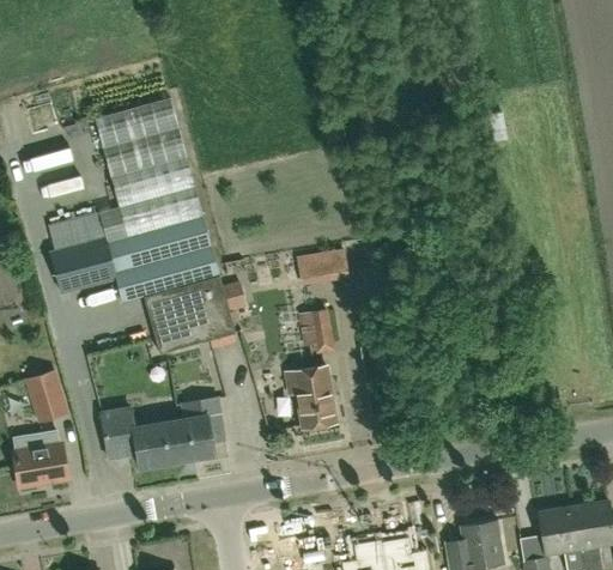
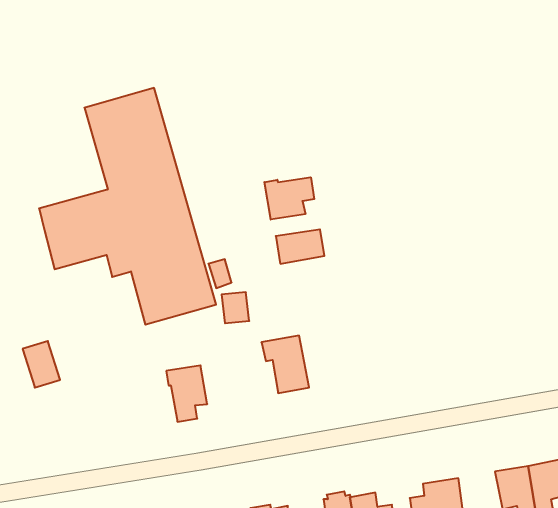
building: none -> [264,177,314,220]
building: [302,309,332,342] -> [222,292,249,323]
building: [102,408,194,468] -> none
building: [14,442,68,487] -> none

